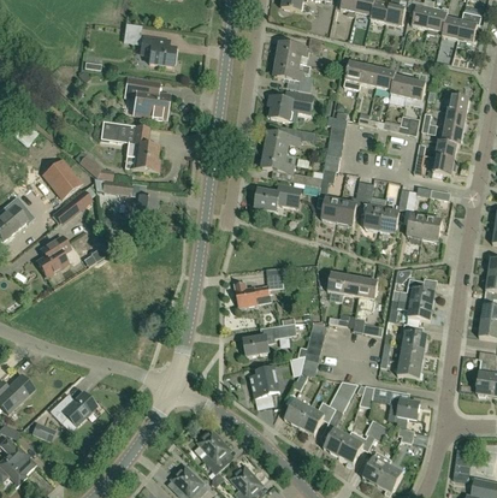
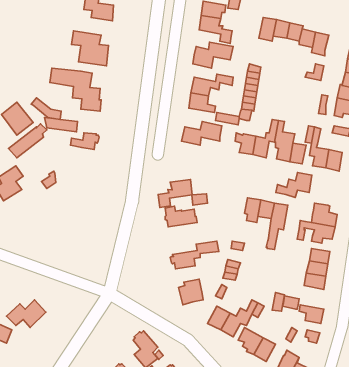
building: none -> [276,173,312,198]
building: none -> [158,180,192,208]

